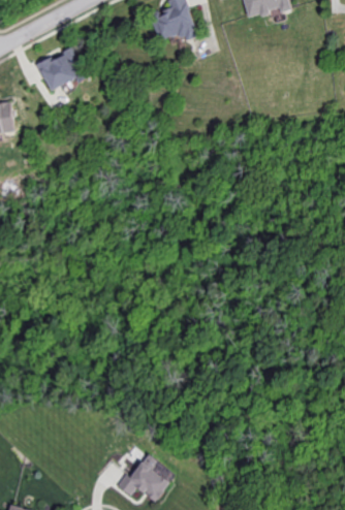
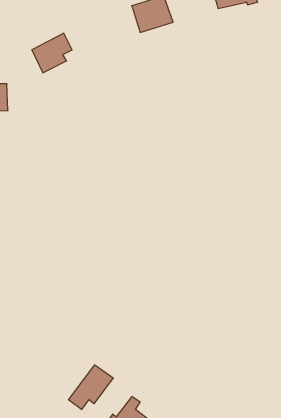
building: none -> [69,365,113,410]

